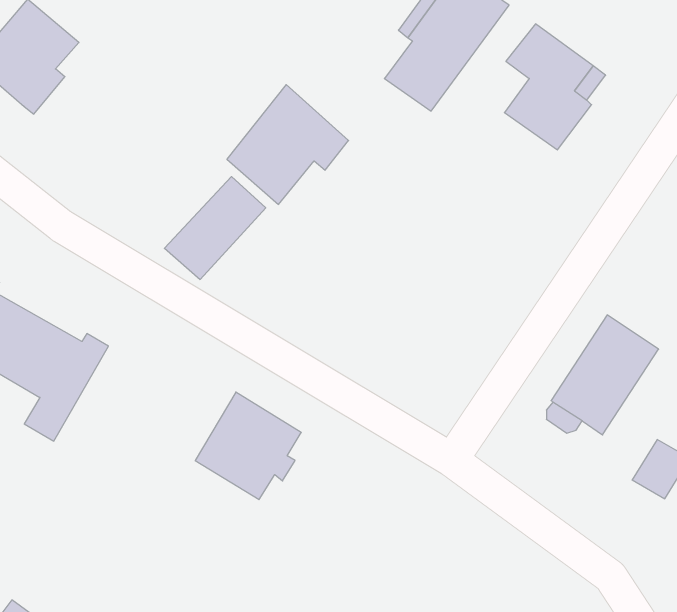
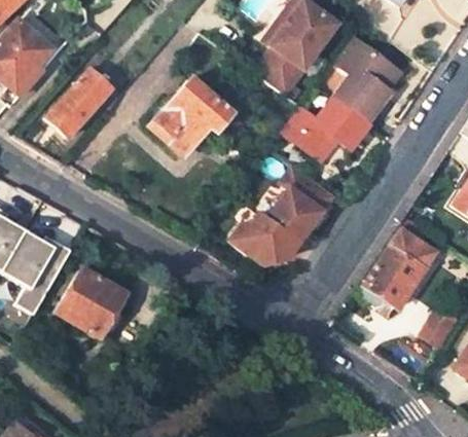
building: none -> [283,96,371,159]
building: [164,177,266,279] -> [46,70,113,138]
building: none -> [231,167,333,266]
building: [195,392,301,500] -> [56,265,125,336]

